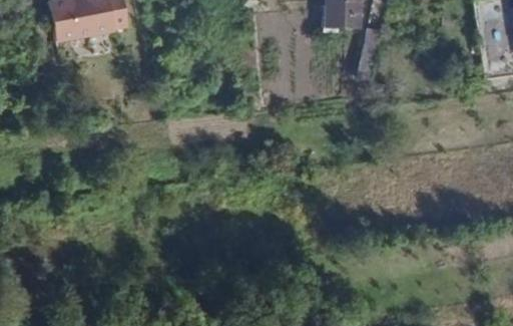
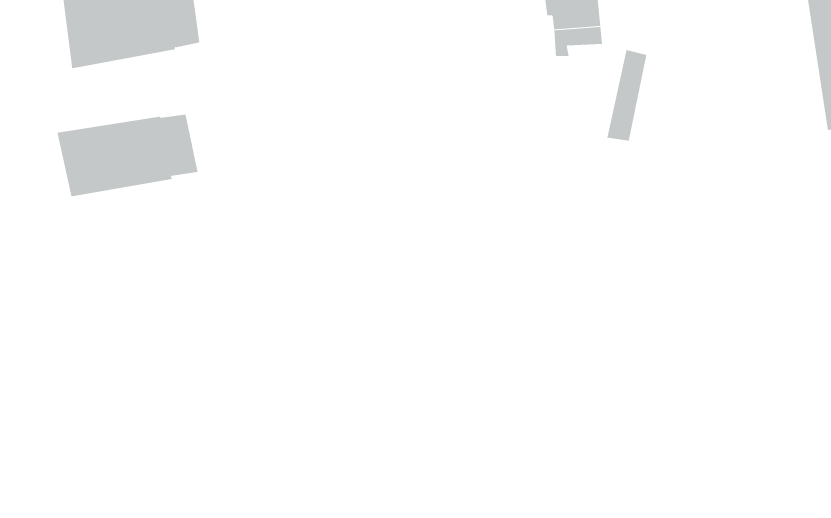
building: none -> [57,114,198,197]

